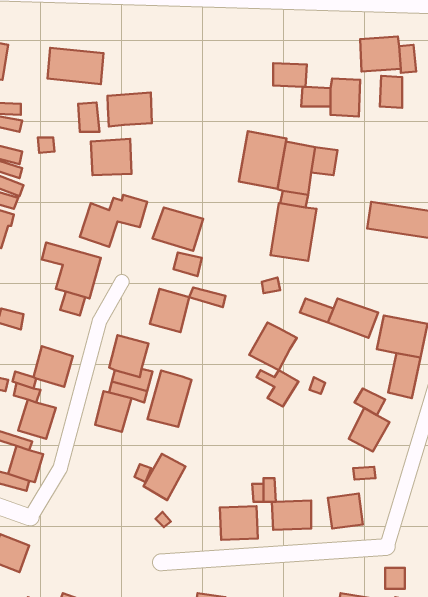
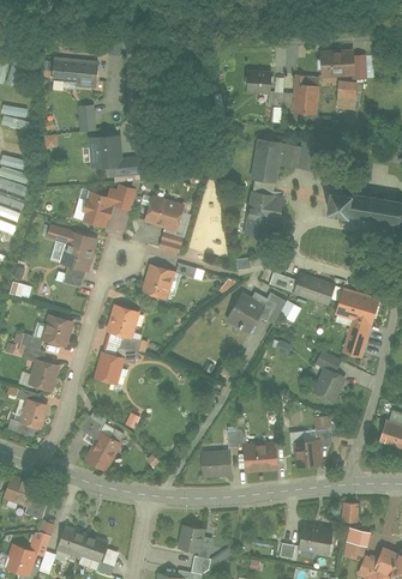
building: [108,92,152,126] -> none
building: [239,131,286,189] -> none
building: [256,370,298,407] -> [251,292,287,324]
building: [147,371,191,427] -> none
building: [143,454,186,500] -> [86,433,122,472]

